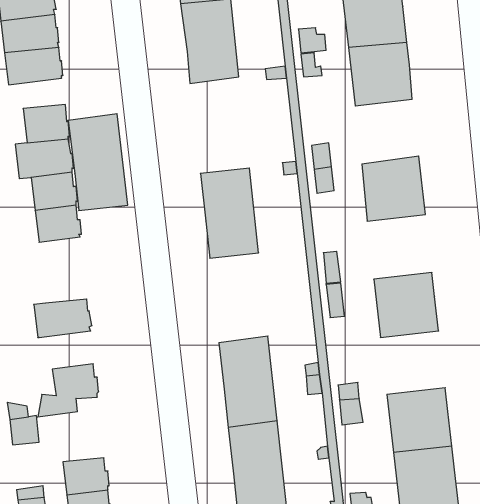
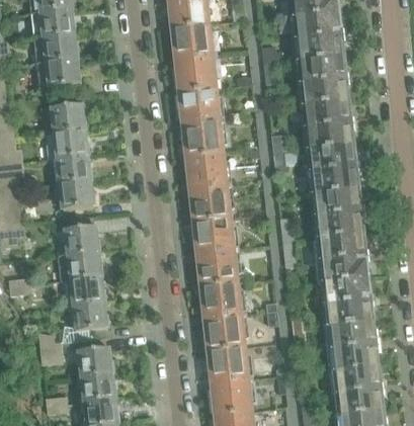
building: none -> [304,98,352,148]
building: [68,114,128,210] -> [177,81,223,155]
building: none -> [313,186,362,236]
building: none -> [192,216,237,284]
building: none -> [64,224,99,254]
building: none -> [62,275,104,306]
building: none -> [323,275,372,324]
building: none -> [77,345,112,375]

